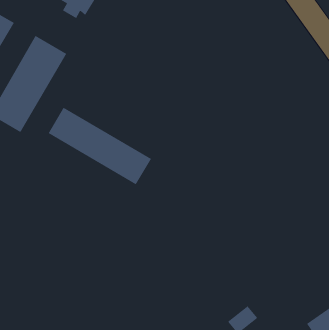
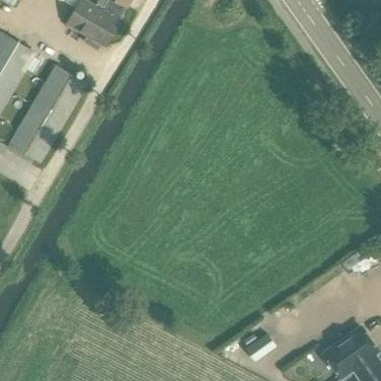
building: [48,107,152,185] -> none

